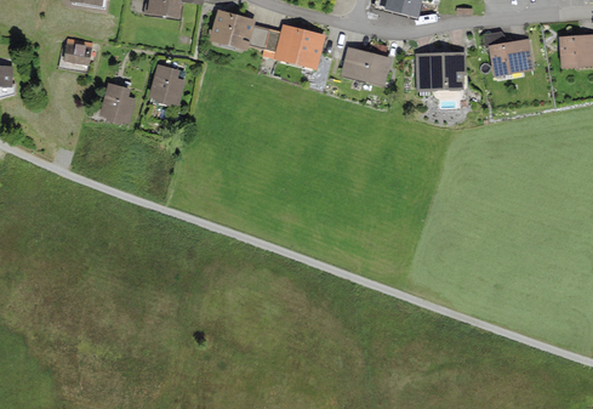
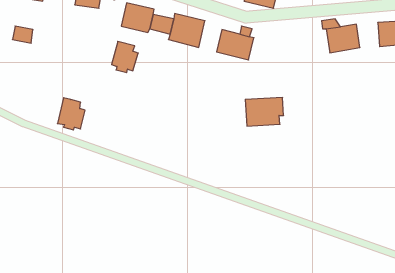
building: [415,51,467,90] -> [245,98,284,126]
building: [148,64,184,107] -> [112,41,138,73]
building: [98,81,136,125] -> [57,98,85,130]

